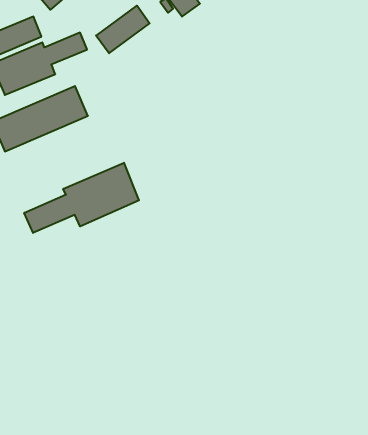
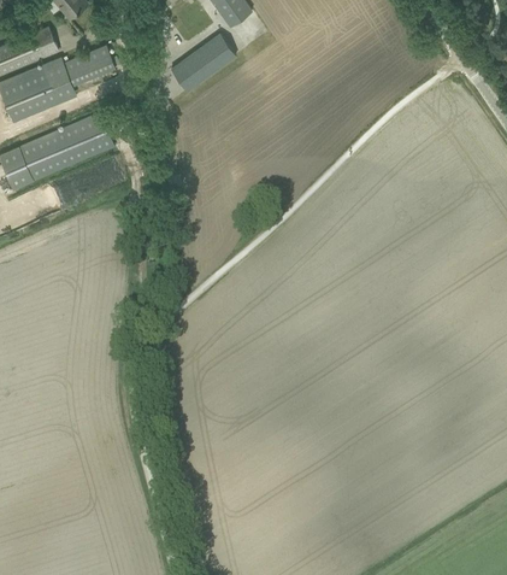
building: [96,6,150,53] -> [171,34,236,92]
building: [24,163,139,233] -> none

